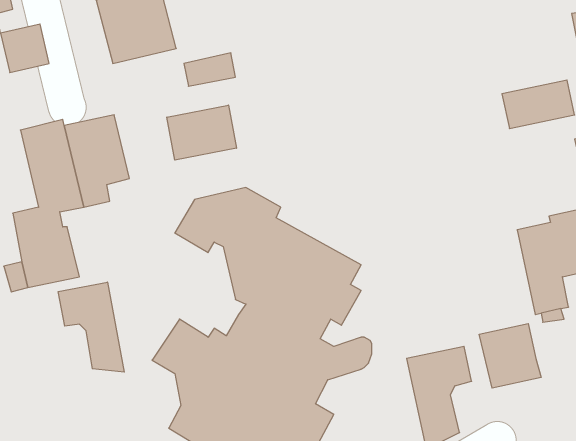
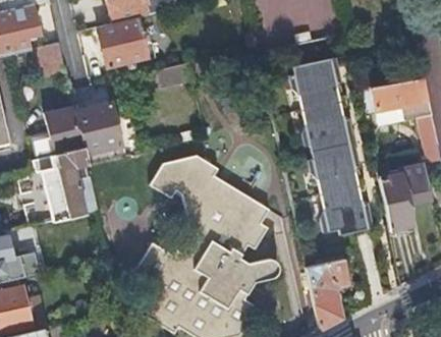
building: none -> [290,58,373,235]
building: [167,105,236,160] -> none
building: [58,282,124,372] -> none
building: [479,324,541,388] -> none

